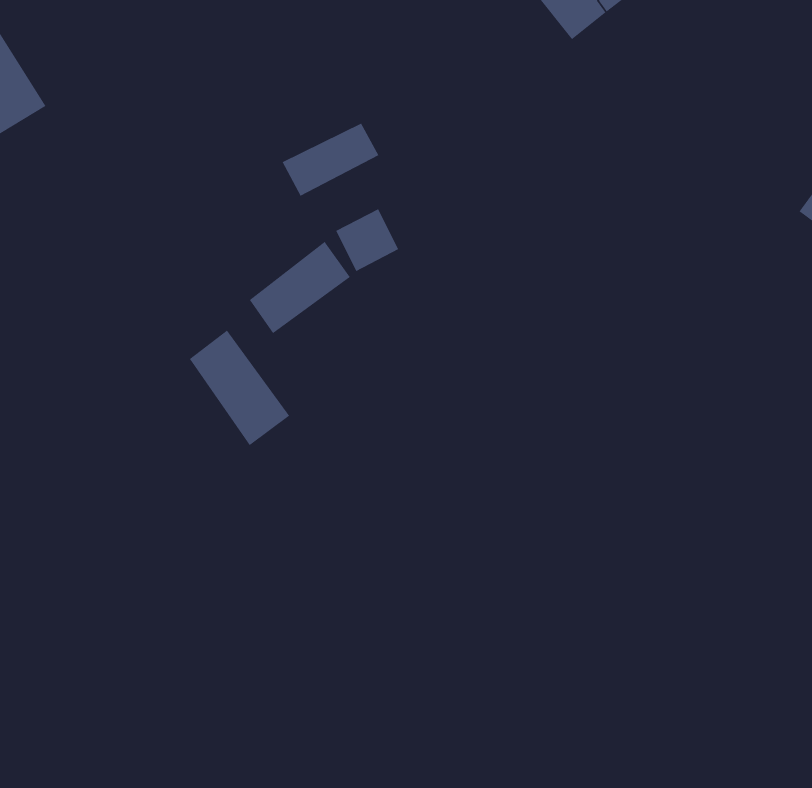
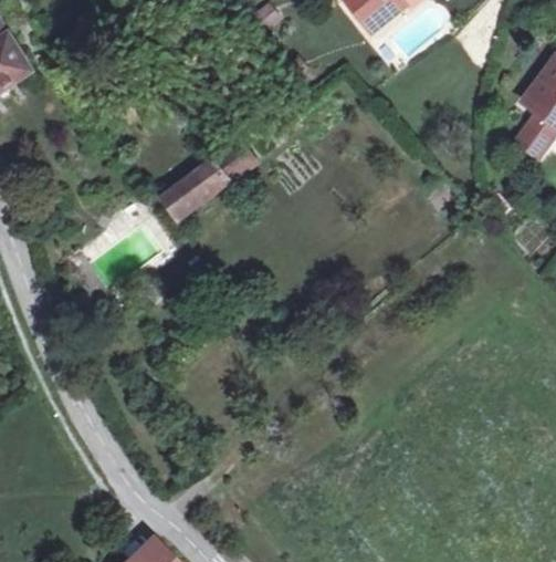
building: [281,123,380,197] -> none
building: [189,330,290,446] -> none

